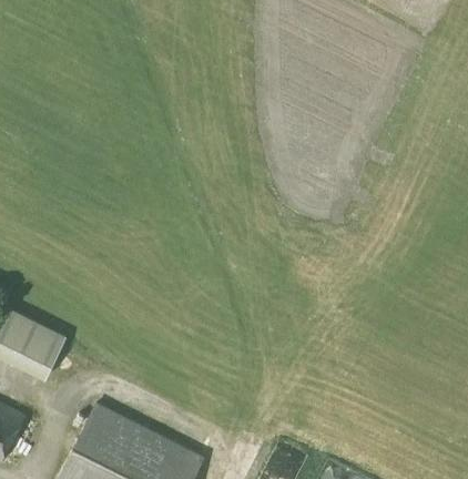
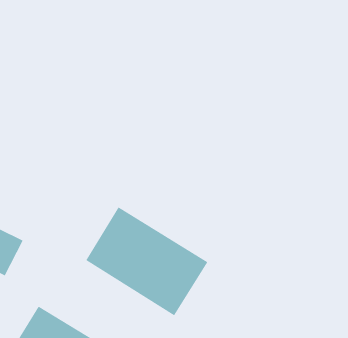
building: none -> [85,206,208,316]

